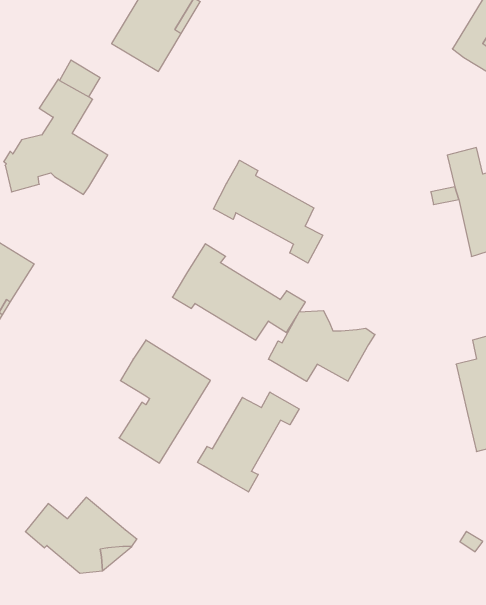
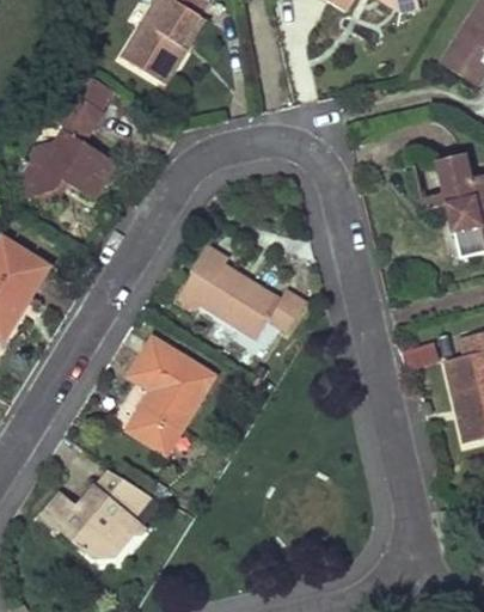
building: [213,160,323,263] -> none
building: [268,311,375,381] -> none
building: [198,392,299,492] -> none
building: none -> [97,470,151,516]

